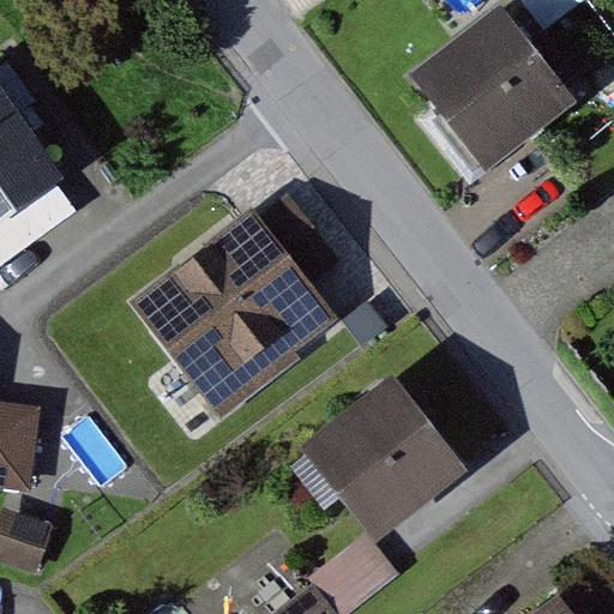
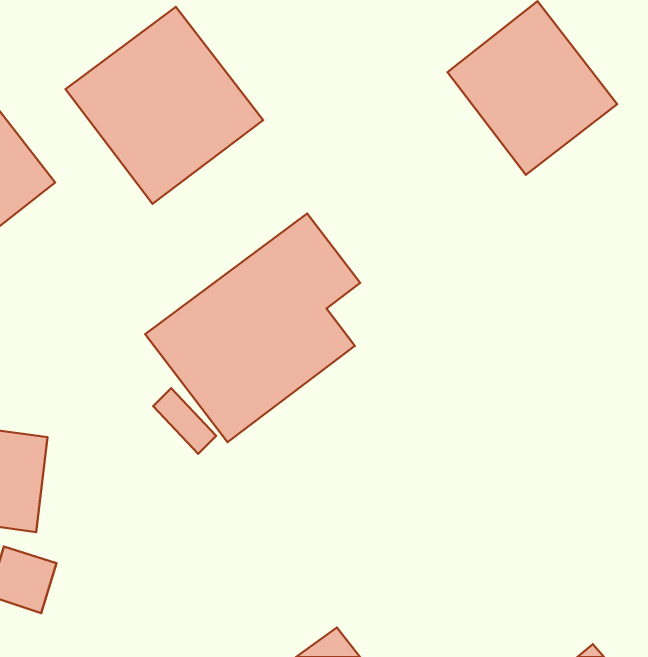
building: none -> [66,7,263,204]
building: [301,383,453,534] -> none

